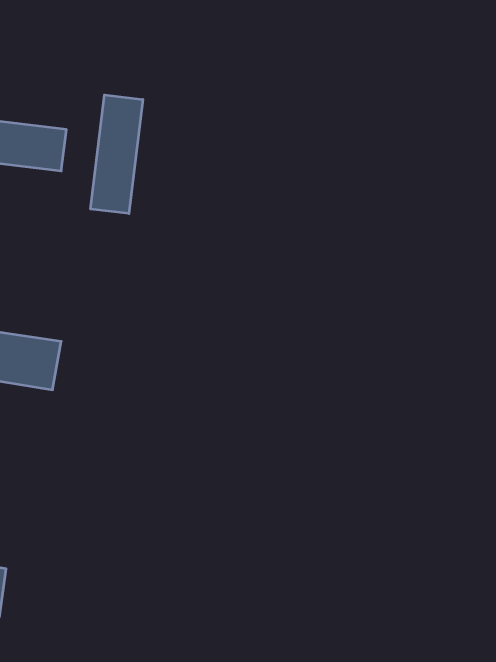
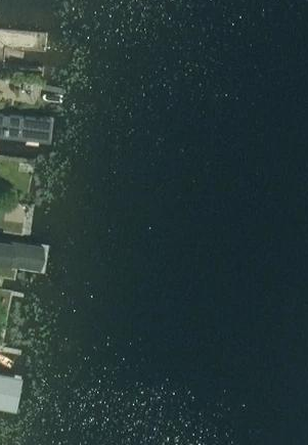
building: [91,95,143,214] -> none

